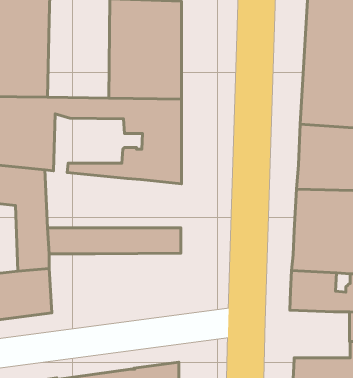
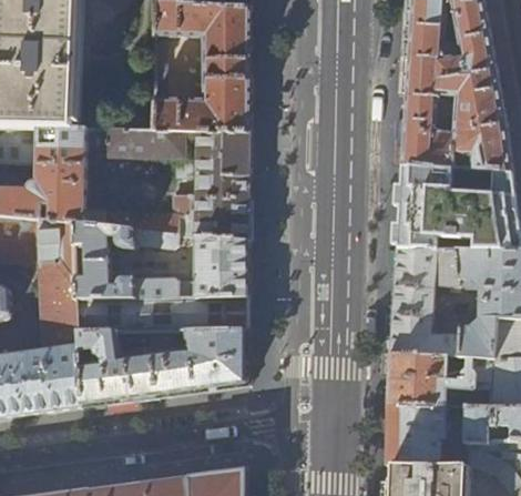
building: none -> [73,221,248,295]
building: none -> [79,327,247,404]
building: none -> [385,401,447,462]

